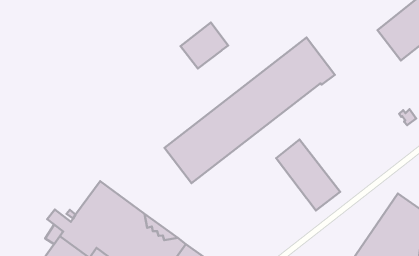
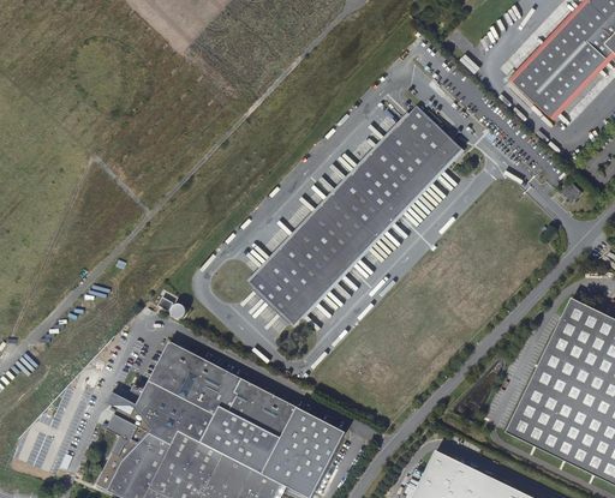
building: [181,23,228,68] -> none
building: [276,140,340,210] -> none

